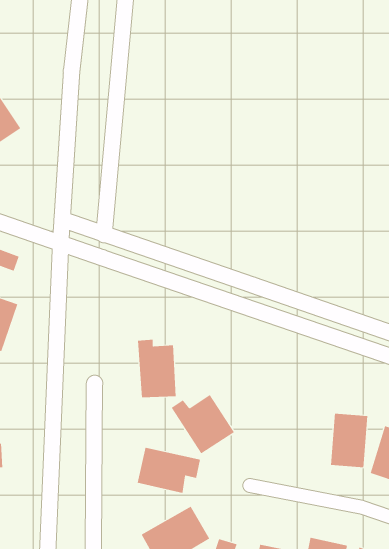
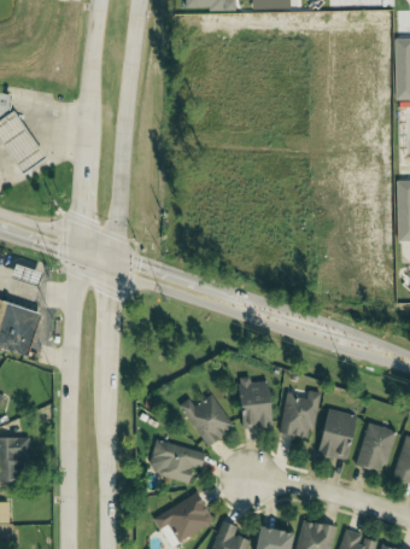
building: [137,339,177,398] -> [235,376,270,428]
building: none -> [280,391,320,438]

